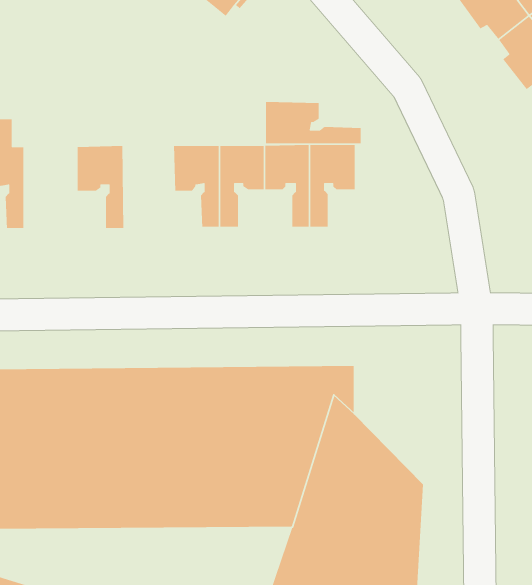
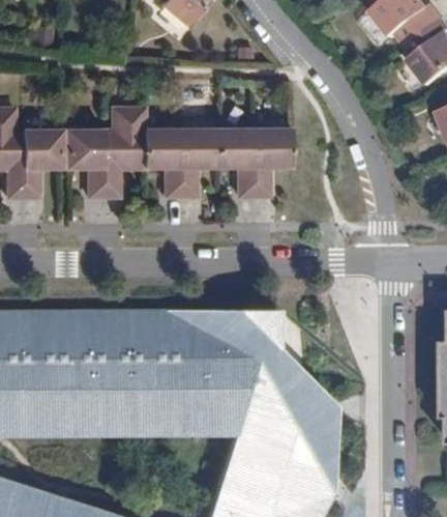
building: [265,101,362,144] -> none
building: none -> [100,108,142,197]
building: none -> [21,131,58,197]

